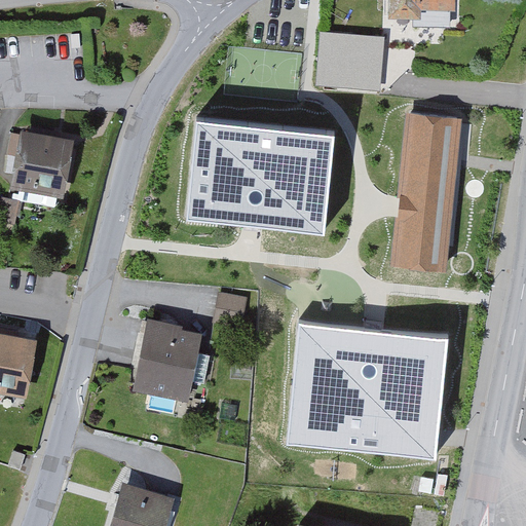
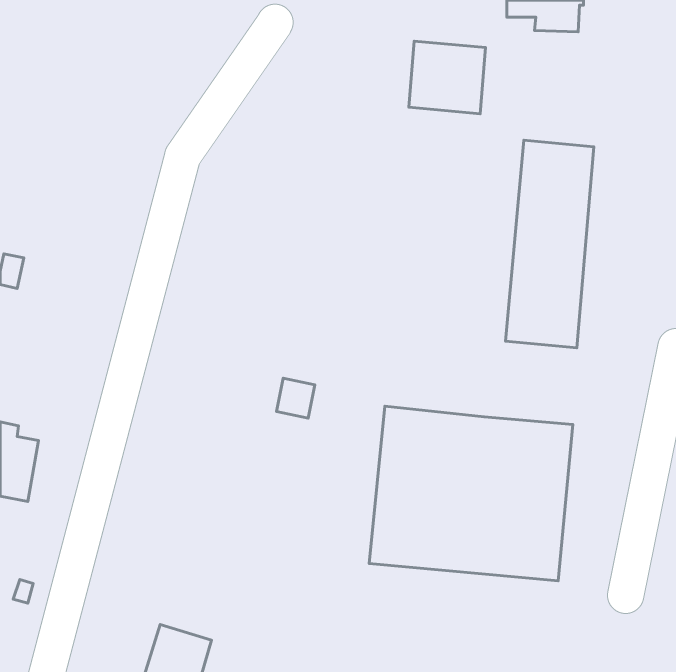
building: [188,119,336,232] -> none
building: [10,130,68,209] -> none
building: [141,326,208,394] -> none

